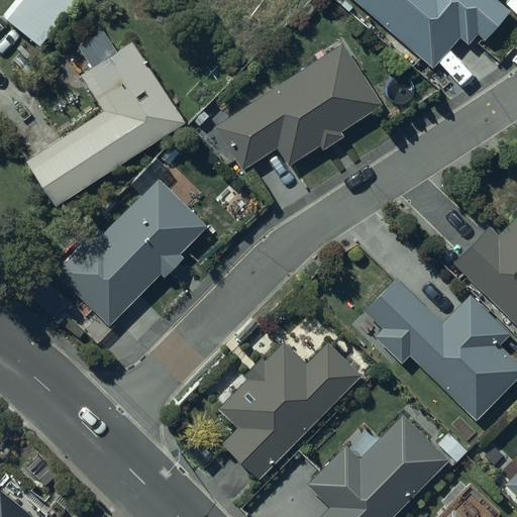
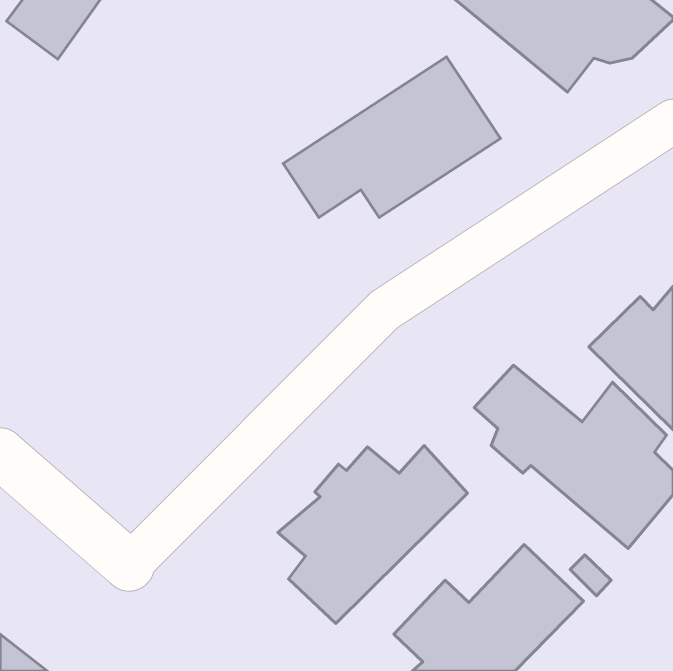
building: [31,43,185,203] -> none
building: [65,175,208,318] -> none

